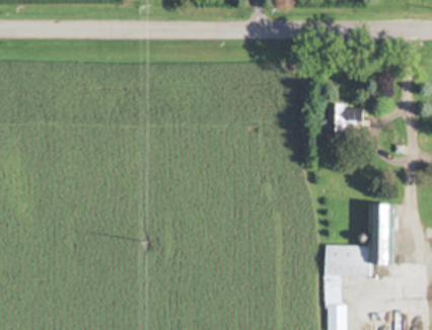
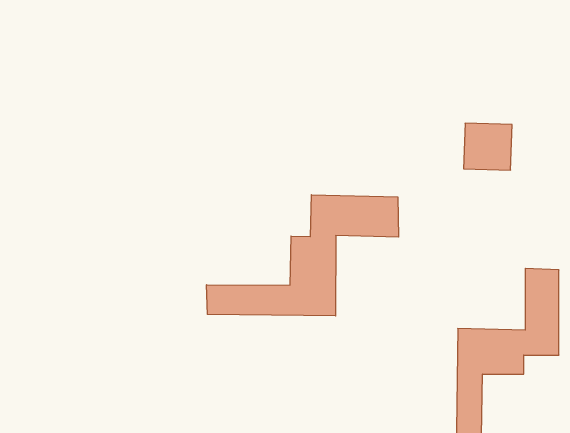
building: none -> [207,195,398,316]

